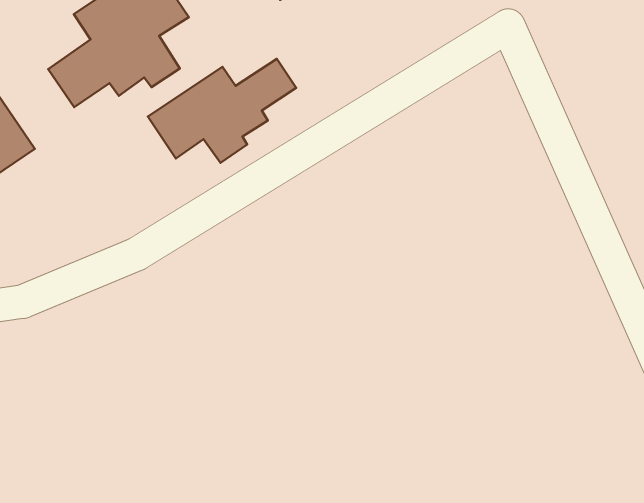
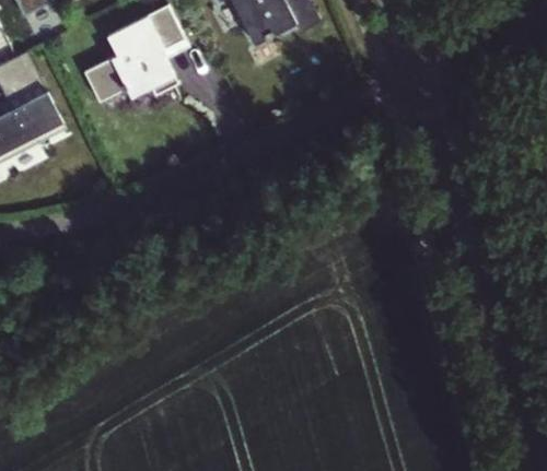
building: [148,59,296,163] -> none

